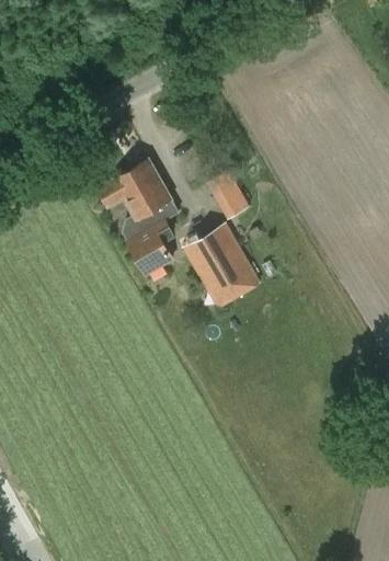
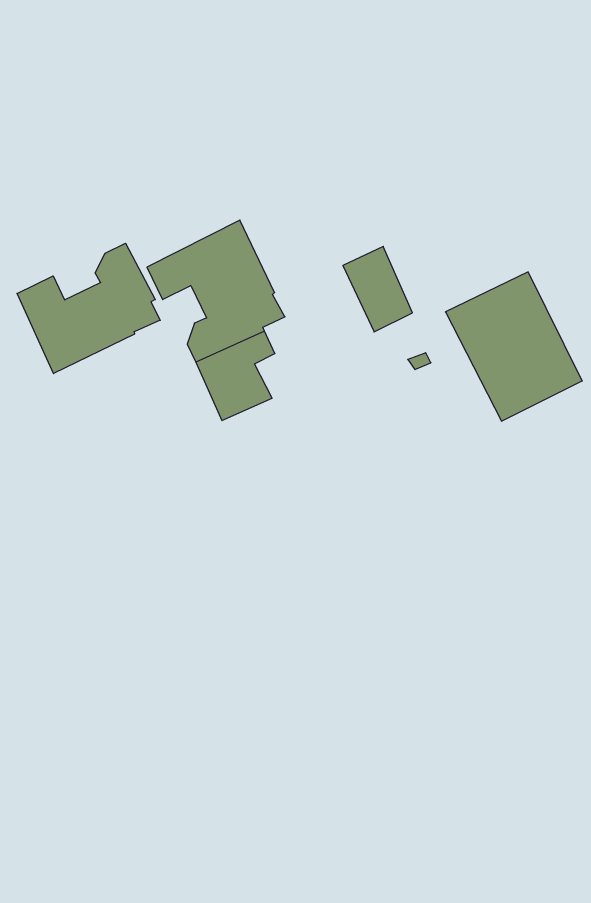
building: none -> [17,243,160,374]
building: [182,222,261,307] -> [445,272,582,421]

